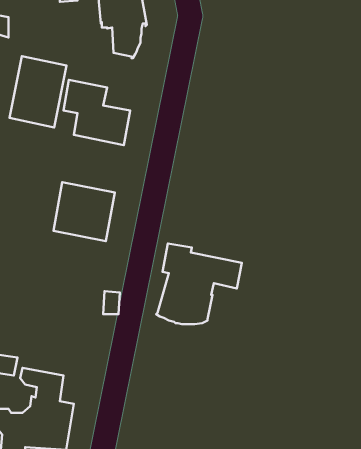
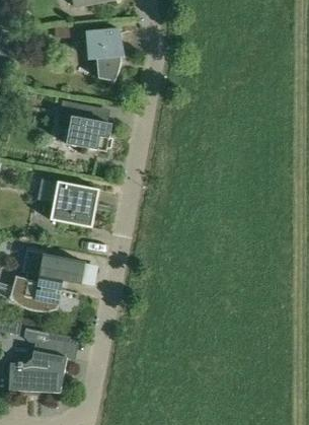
building: [9,56,66,127] -> none
building: [156,244,242,324] -> [16,246,84,310]

